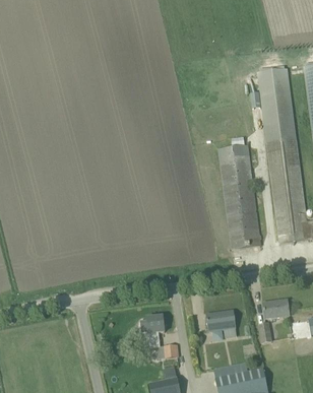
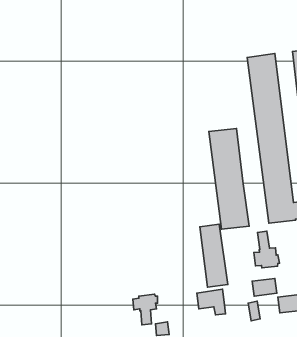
building: none -> [200,224,228,287]
building: none -> [254,231,280,268]

